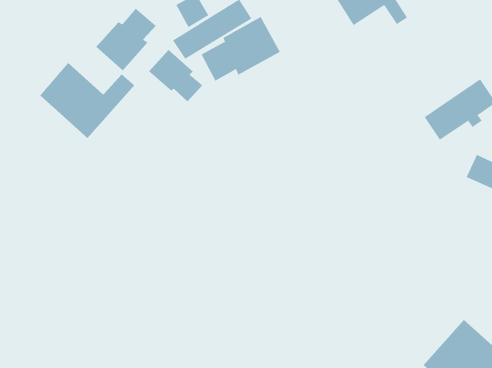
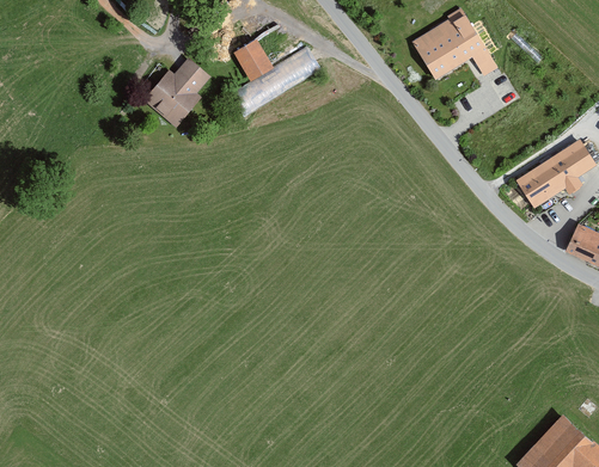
building: [201,16,280,82] -> none
building: [148,49,203,102] -> none
building: [39,62,135,139] -> none

